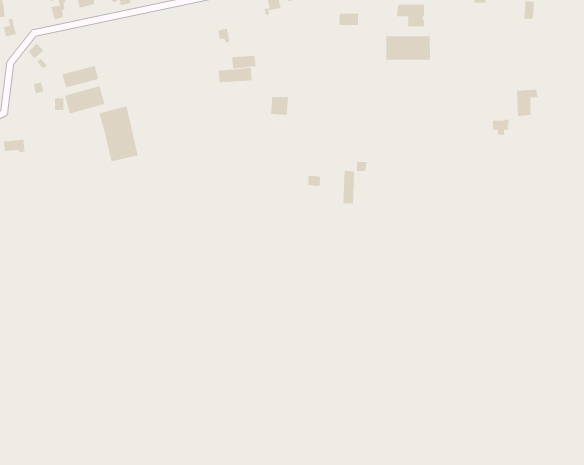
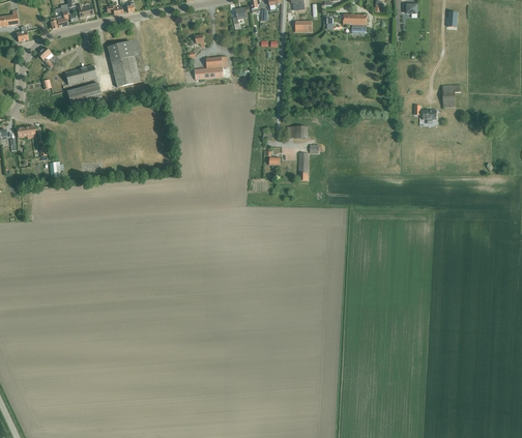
building: [386,36,430,60] -> none
building: [98,106,138,162] -> [107,39,140,86]

